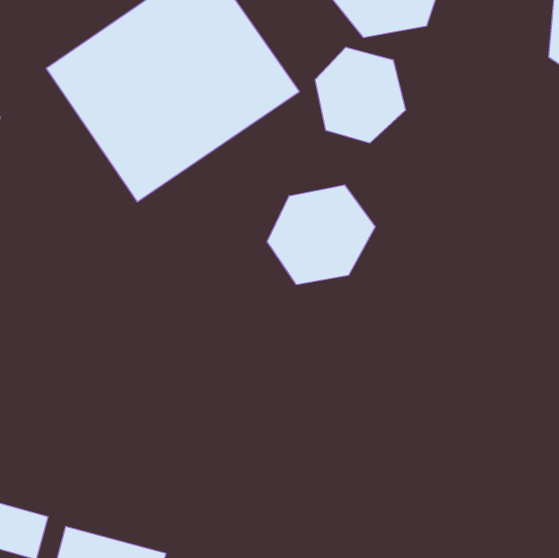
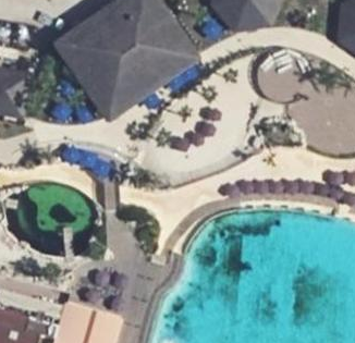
building: [315,47,406,143] -> none
building: [267,185,375,285] -> none

